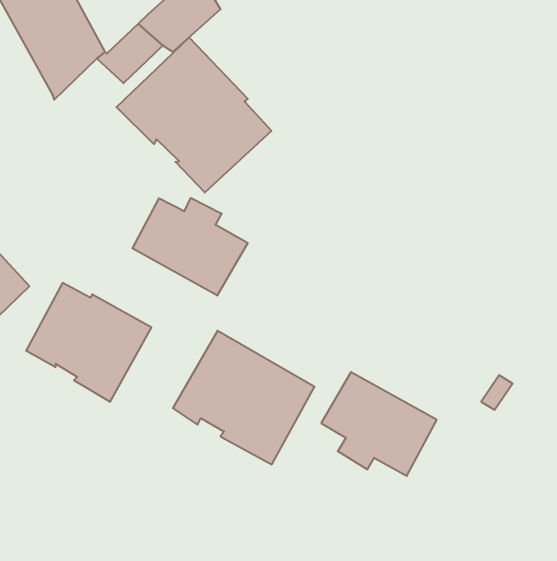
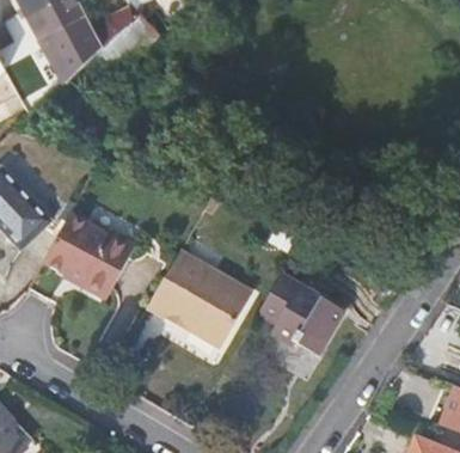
building: [116,37,271,193] -> none
building: [132,198,248,296] -> none

